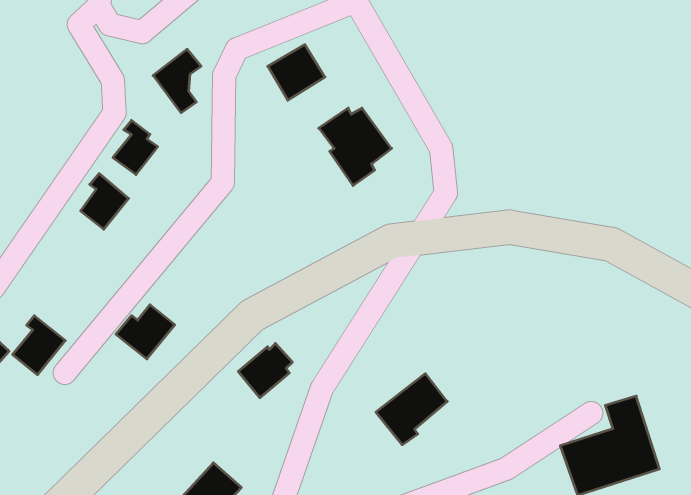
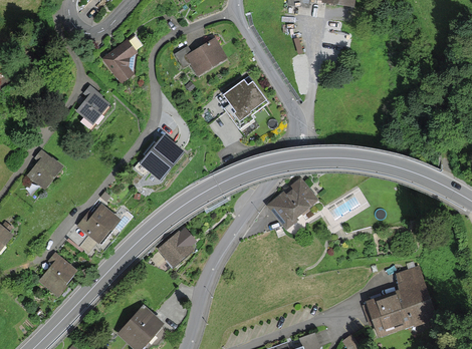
building: [81,174,129,229] -> [30,151,61,188]
building: none -> [139,134,186,183]
building: [13,316,65,375] -> [42,256,76,294]
building: [376,374,447,445] -> [269,177,315,223]

